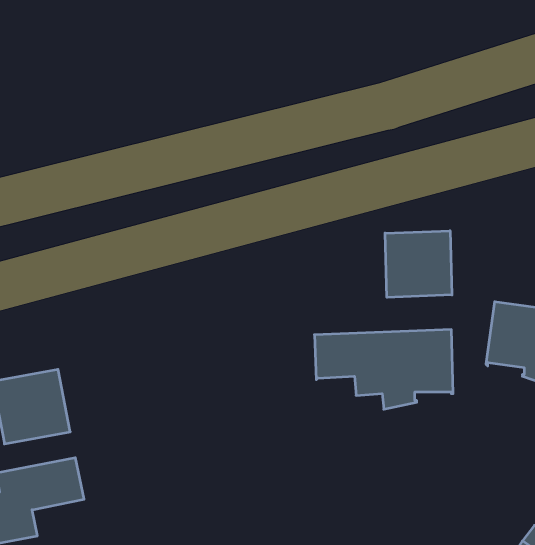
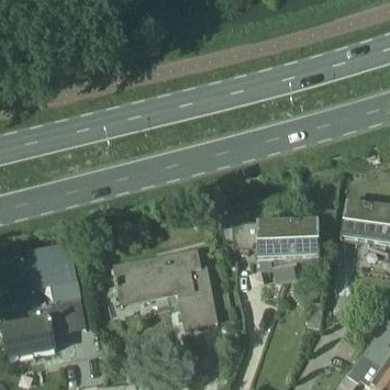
building: [385,231,452,297] -> none
building: none -> [113,249,216,326]

